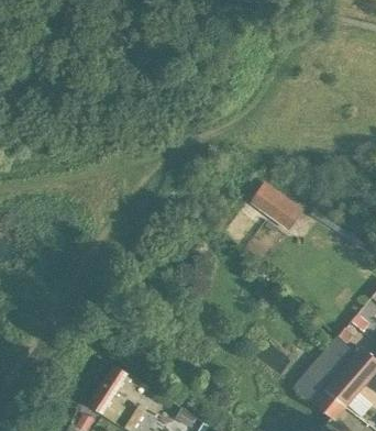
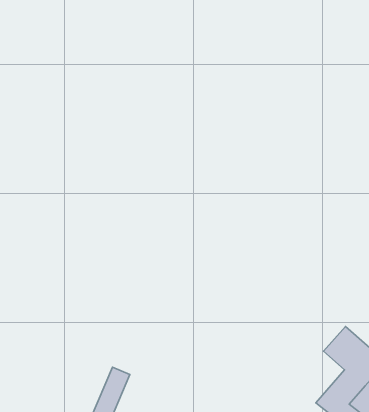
building: [252,185,300,228] -> none

